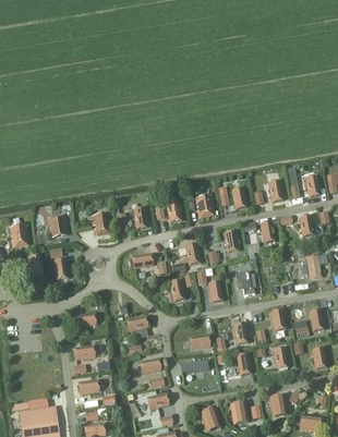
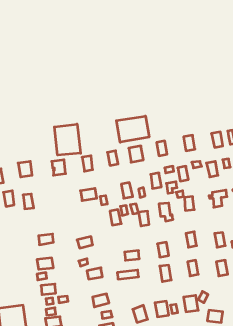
building: none -> [116,116,149,142]
building: none -> [54,124,81,155]

